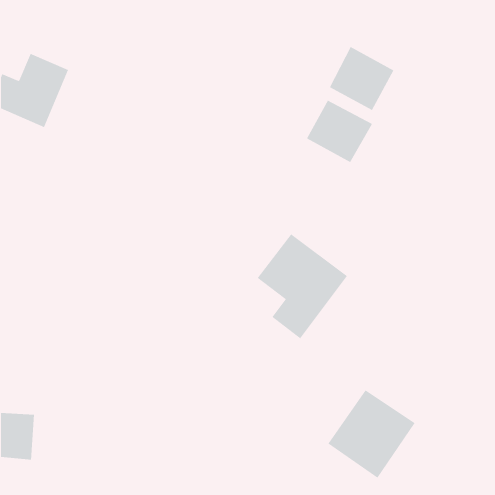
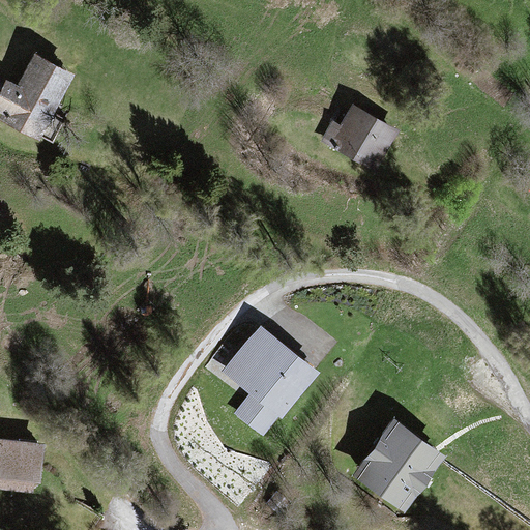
building: [329,46,394,111] -> none
building: [257,233,348,339] -> [218,325,316,438]

